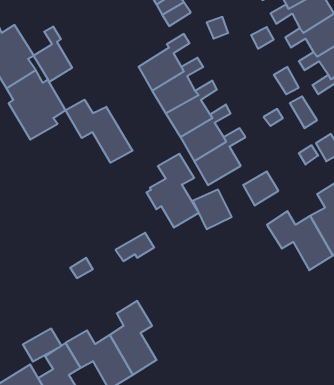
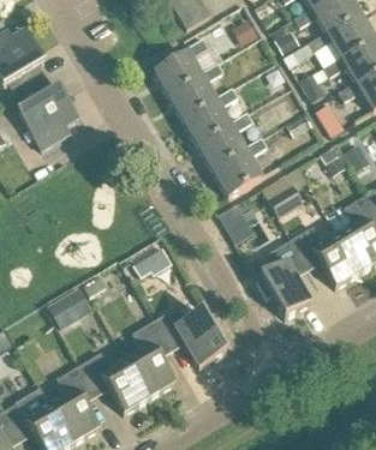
building: [34,26,72,82] -> none
building: [66,100,133,163] -> none
building: [146,154,199,228] -> [256,239,311,317]
building: none -> [154,306,226,367]
building: [23,329,61,362] -> [50,289,91,324]

